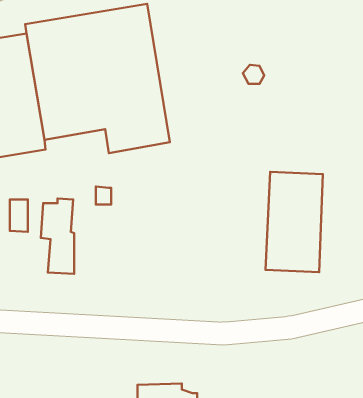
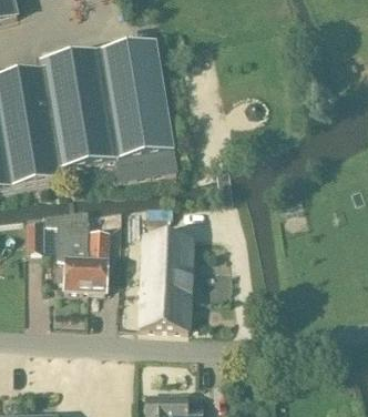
building: [265,172,323,272] -> [139,235,192,328]
building: none -> [83,222,109,292]

